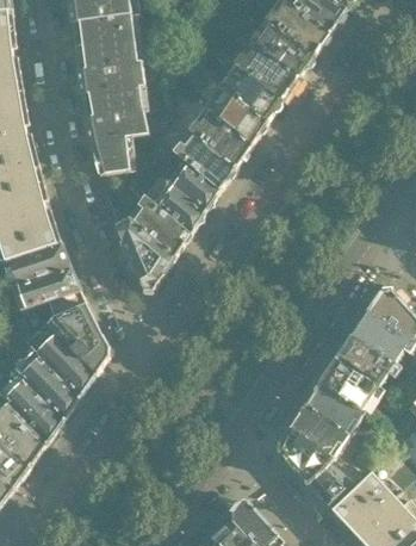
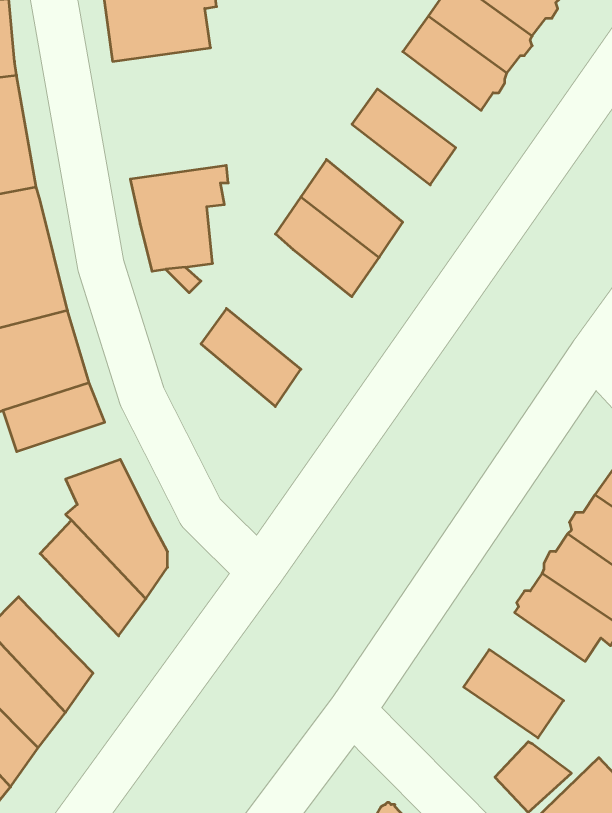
building: [75,39,147,119] -> none
building: [236,42,299,100] -> none
building: [205,86,268,145] -> none
building: [144,162,221,235] -> none
building: [116,218,174,293] -> none
building: [17,267,80,309] -> none
building: [14,350,79,420] -> none
building: [304,383,365,436] -> none
building: [279,428,334,483] -> none

